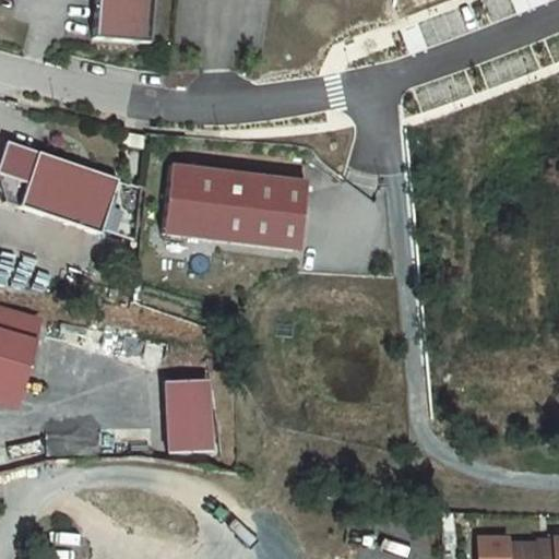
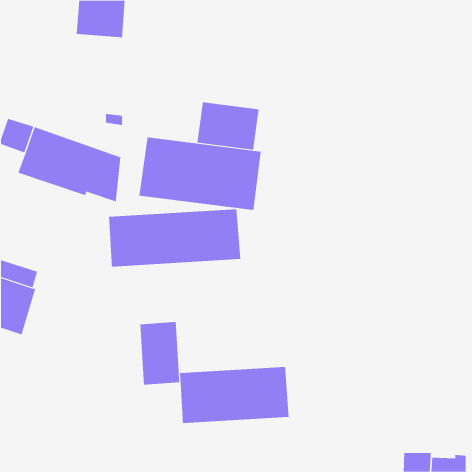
building: none -> [197,102,259,150]
building: none -> [108,208,241,267]
building: none -> [180,366,289,424]

